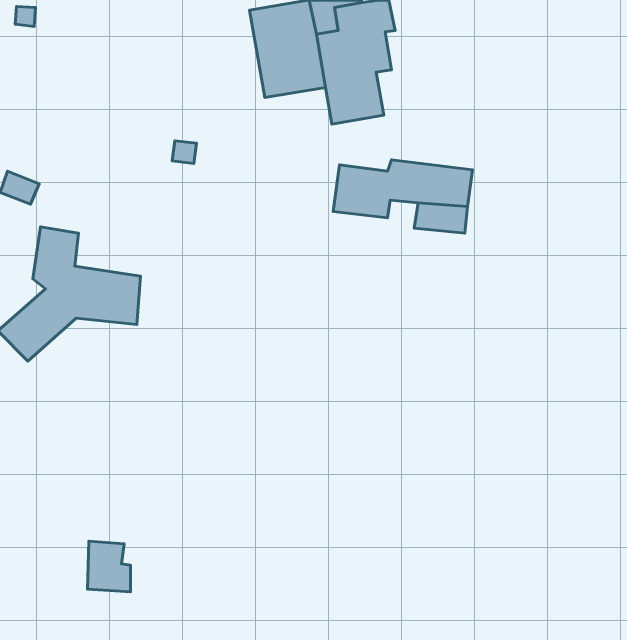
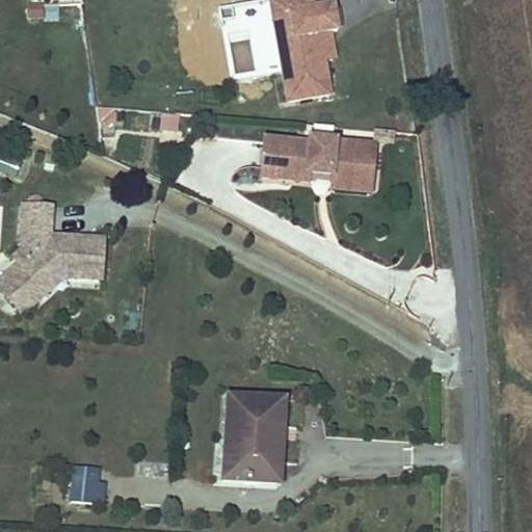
building: none -> [224,382,284,467]

